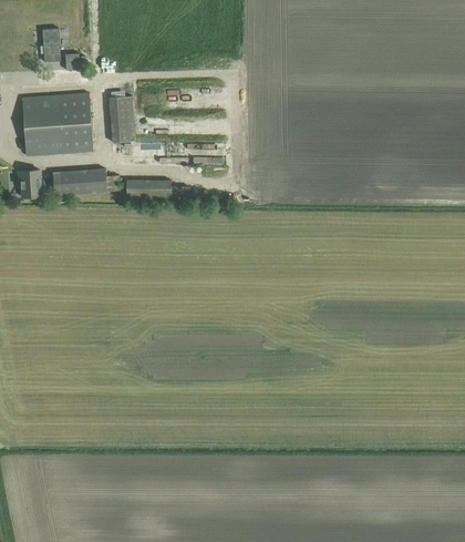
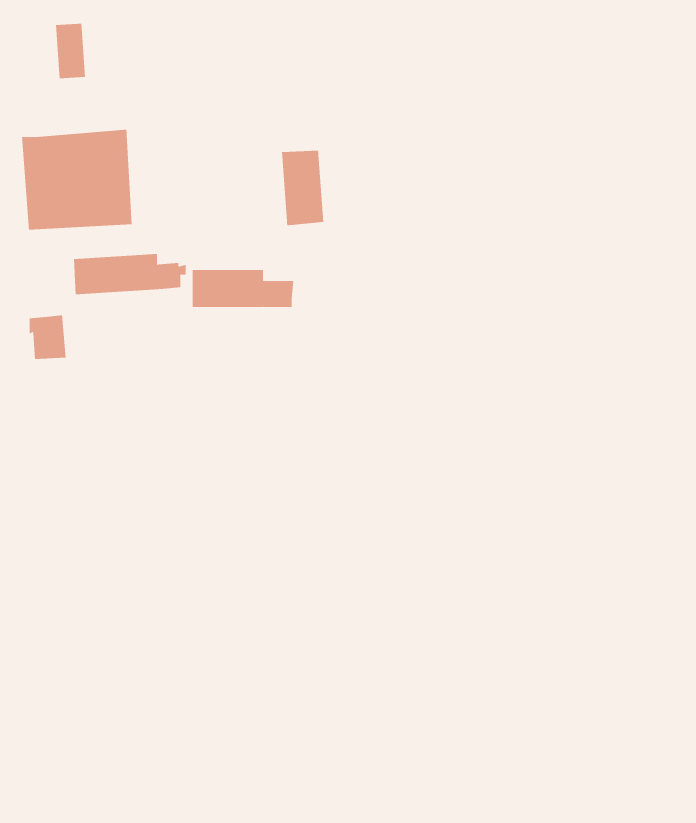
building: [108,96,135,143] -> [281,150,324,226]
building: [18,170,41,197] -> [29,315,67,360]

